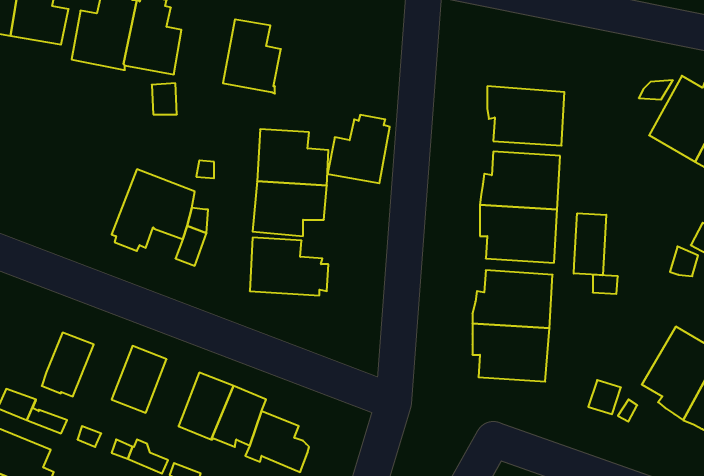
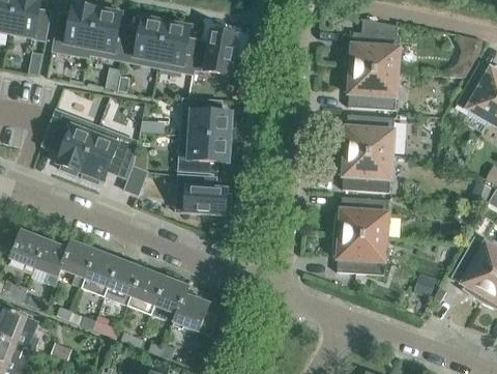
building: none -> [124,13,167,66]
building: none -> [343,18,400,73]
building: [327,115,390,183] -> [194,27,237,75]
building: none -> [43,113,98,175]
building: [574,213,606,275] -> none
building: none -> [10,230,47,271]
building: none -> [60,240,95,287]
building: none -> [105,259,142,306]

